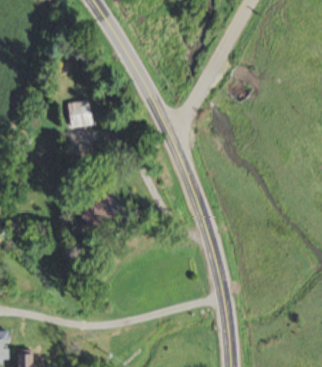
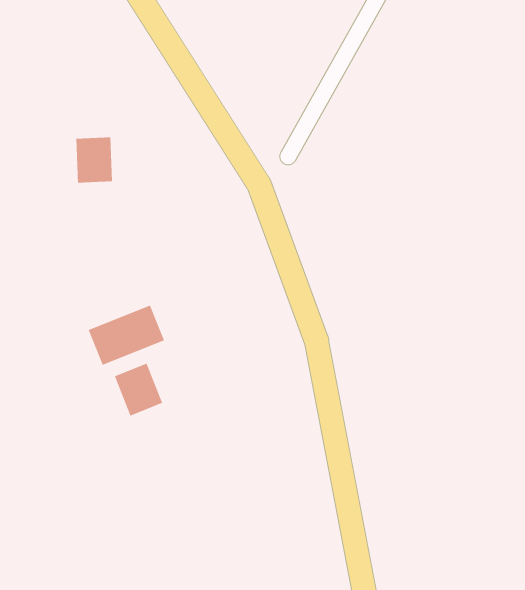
building: none -> [114,363,163,416]

